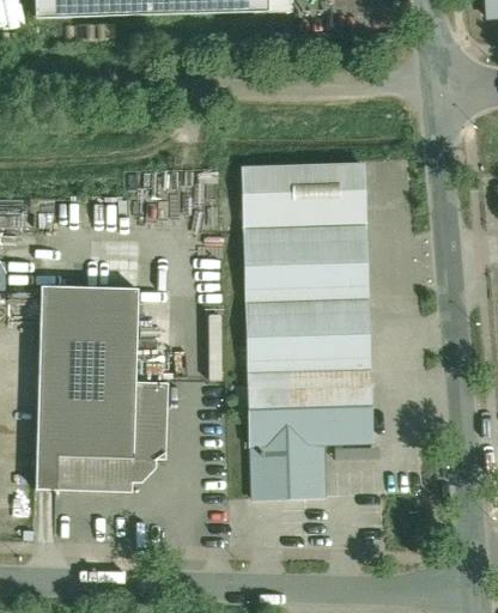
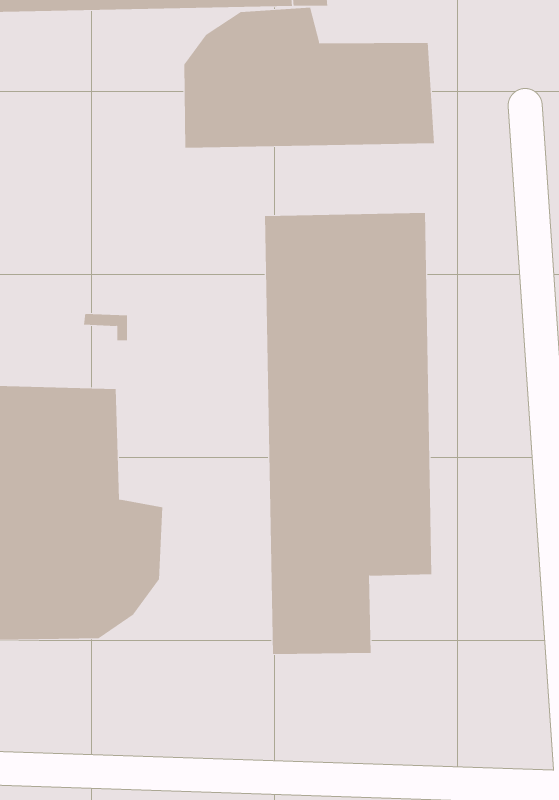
building: none -> [184,7,435,149]

